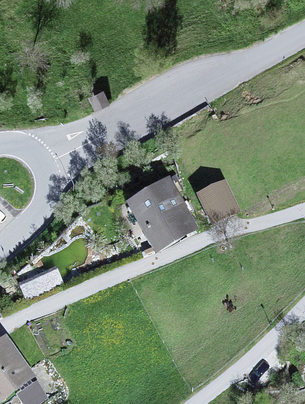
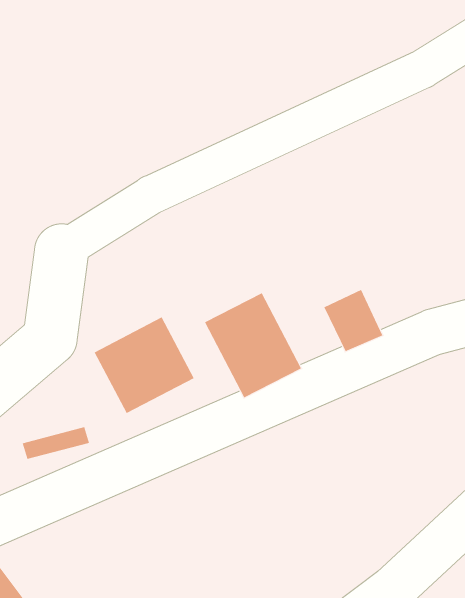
building: none -> [94,317,195,414]

